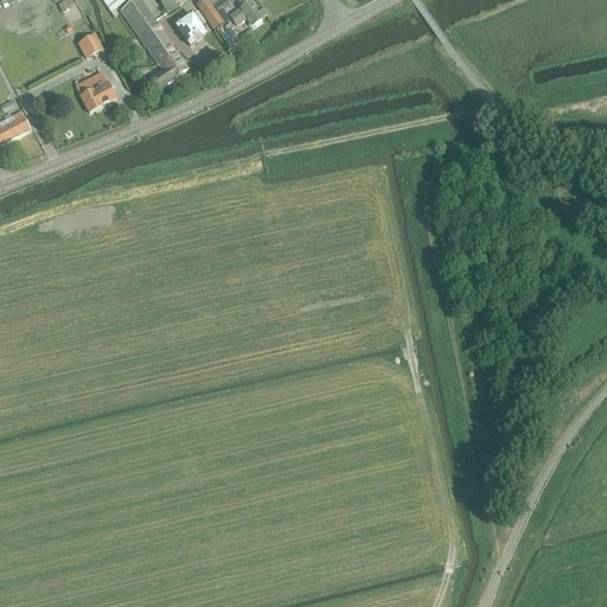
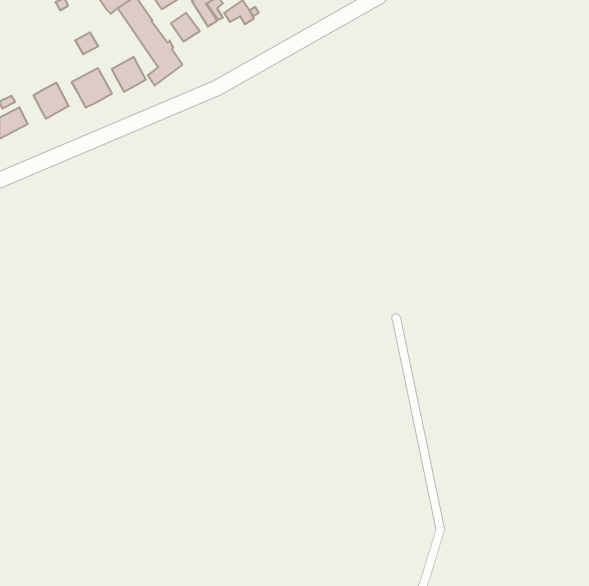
building: none -> [112,57,146,92]
building: none -> [34,83,69,119]

